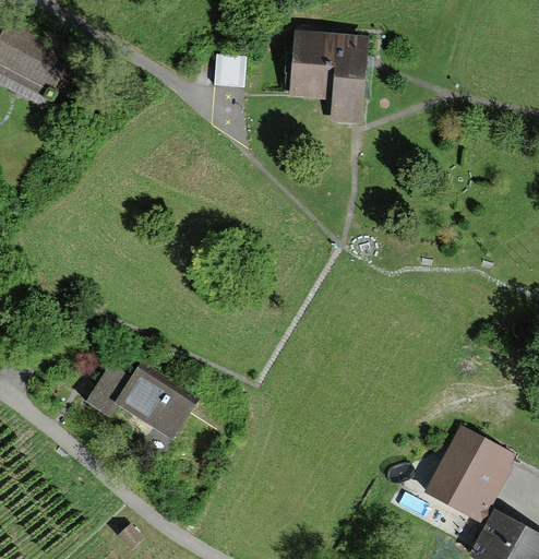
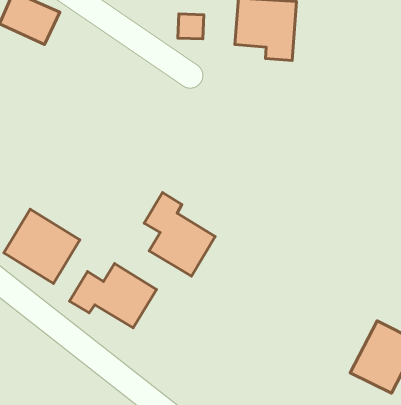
building: none -> [144,193,215,276]
building: none -> [4,209,80,283]

